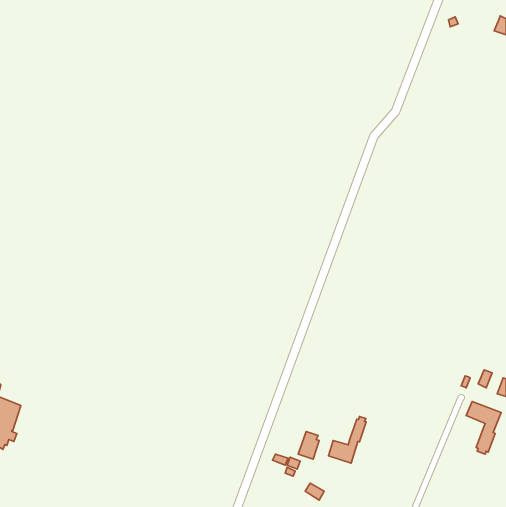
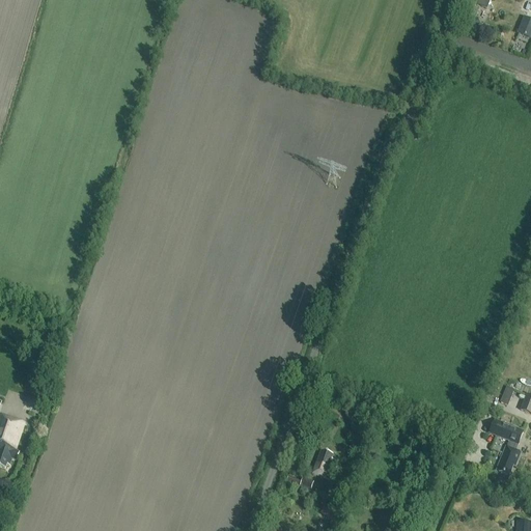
building: [329,416,366,463] -> none

